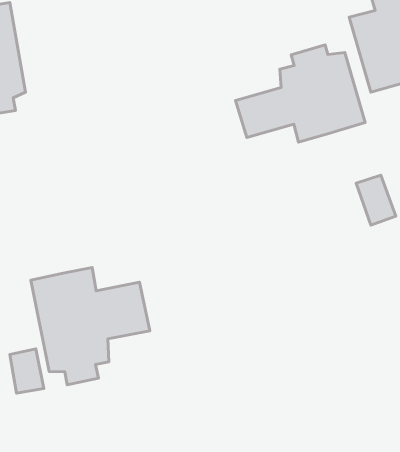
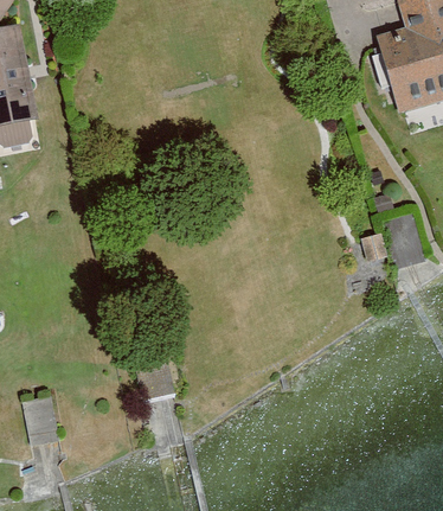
building: [236,45,365,142] -> none
building: [31,267,150,385] -> none

